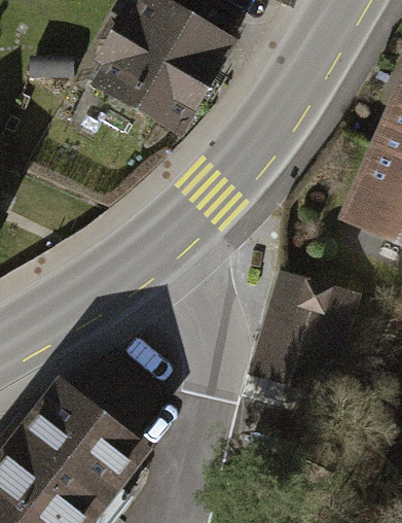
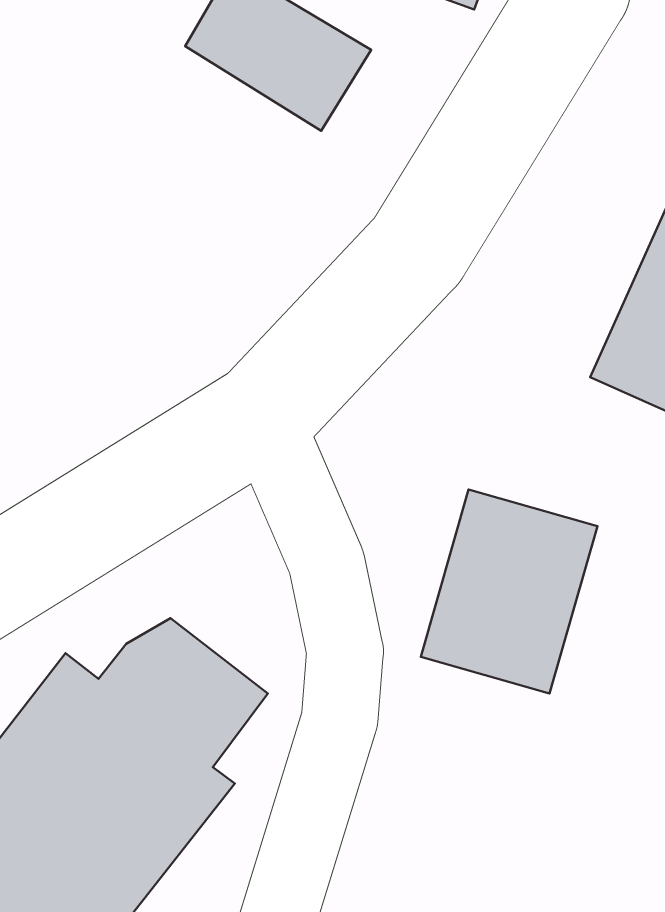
building: [95,37,198,129] -> none

